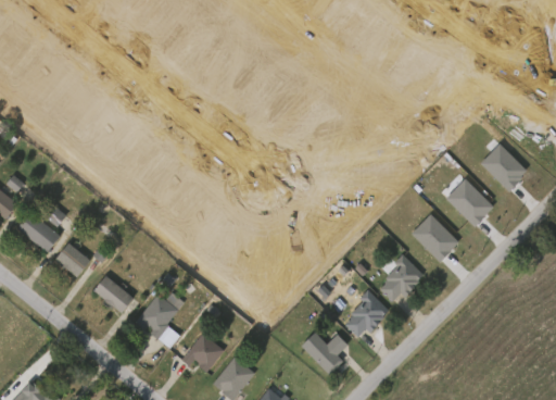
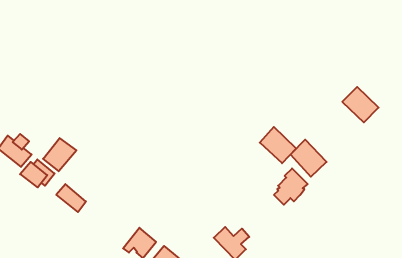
building: [438,182,485,229] -> [260,127,296,163]
building: none -> [43,138,76,171]
building: [137,289,186,340] -> none
building: [346,289,391,337] -> none

